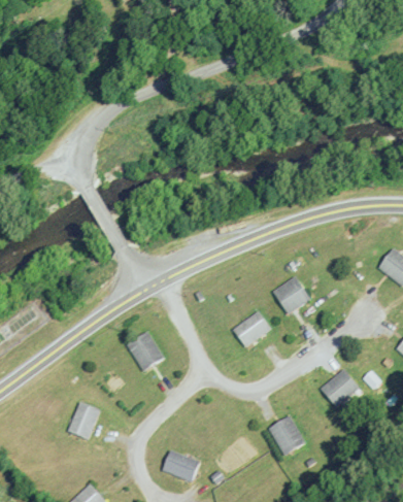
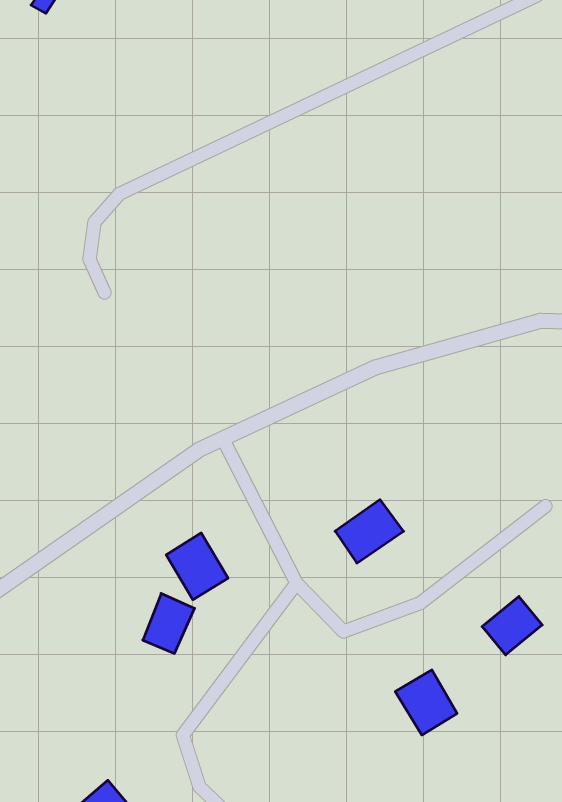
building: [272,277,309,313] -> none
building: [68,401,100,438] -> [143,593,195,653]
building: [162,450,199,482] -> none

